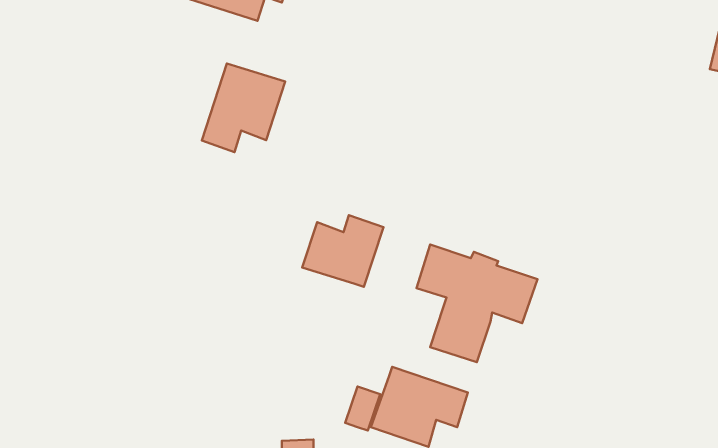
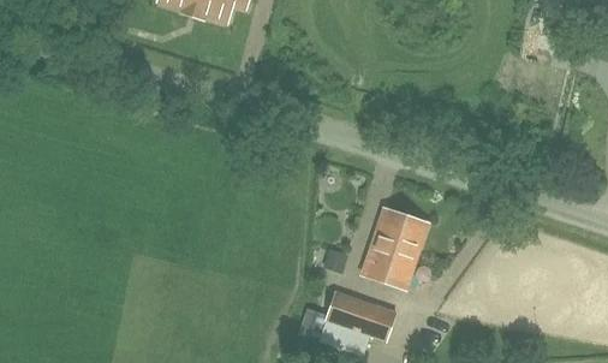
building: [202,63,285,152] -> none
building: [302,215,383,287] -> none

